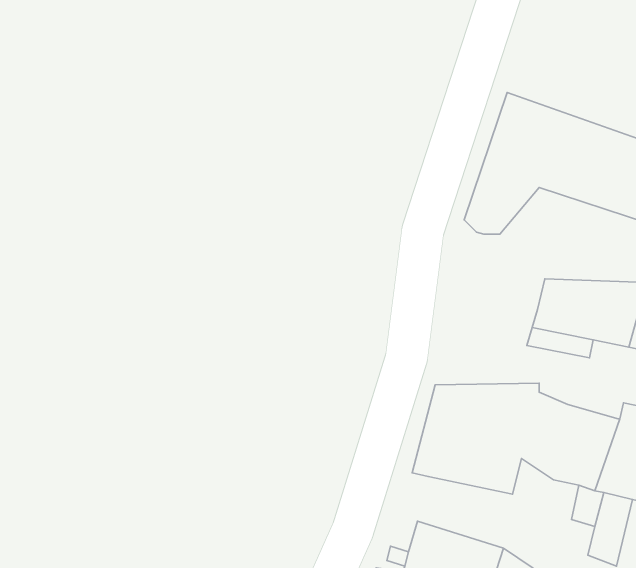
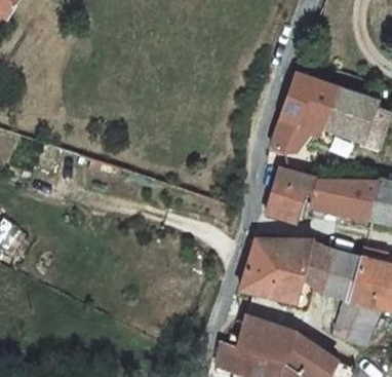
building: none -> [269,165,322,222]

